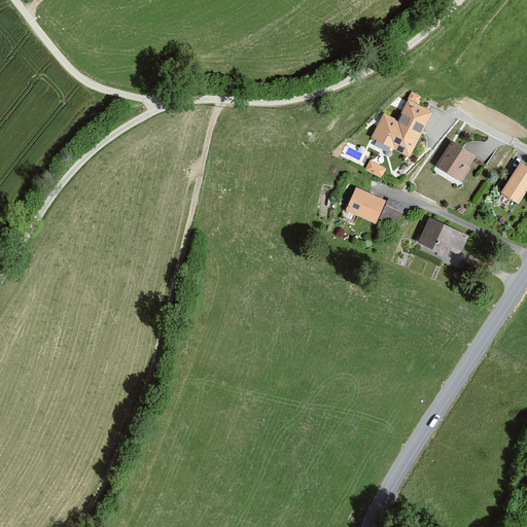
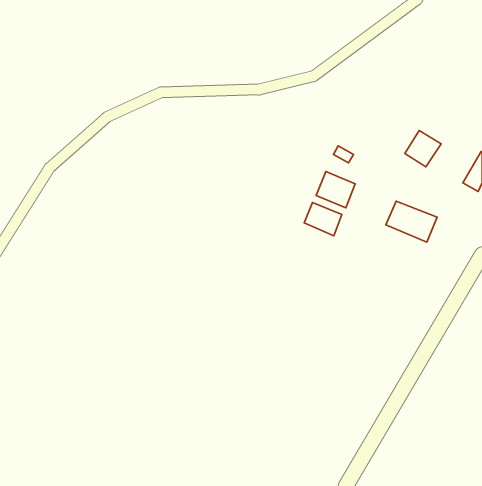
building: [370,94,434,157] -> none
building: none -> [304,203,342,236]

